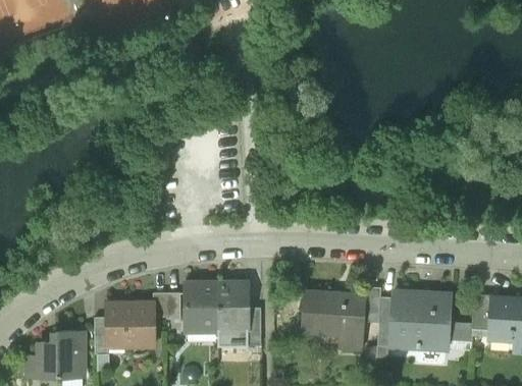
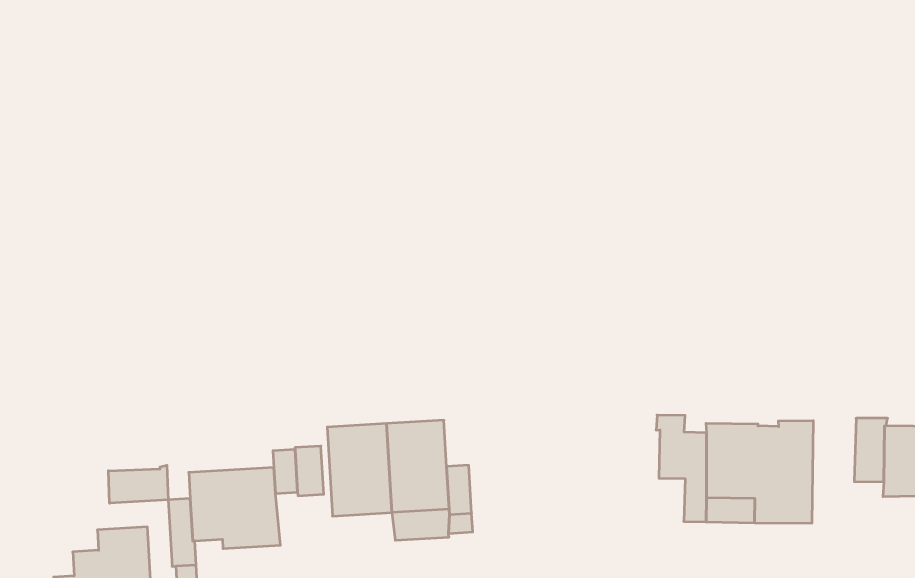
building: [301,293,367,348] -> none
building: none -> [108,465,168,503]

